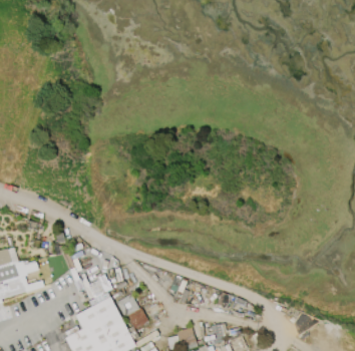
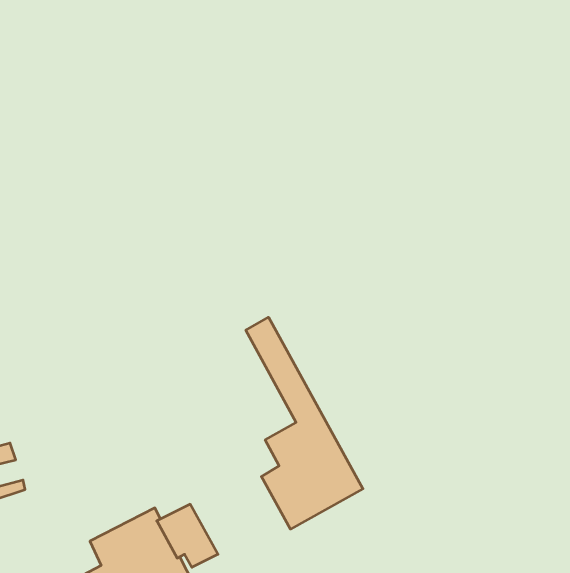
building: none -> [246,317,363,529]

